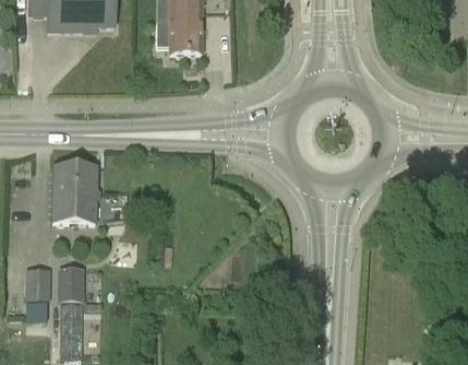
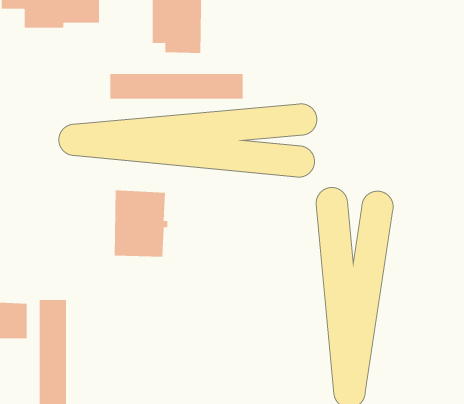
building: none -> [110,73,243,100]
building: [52,163,99,221] -> [114,190,168,257]

